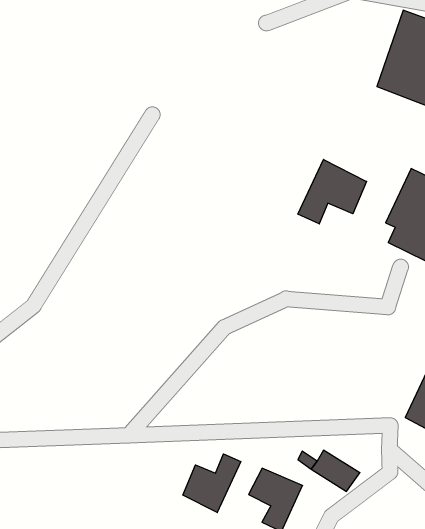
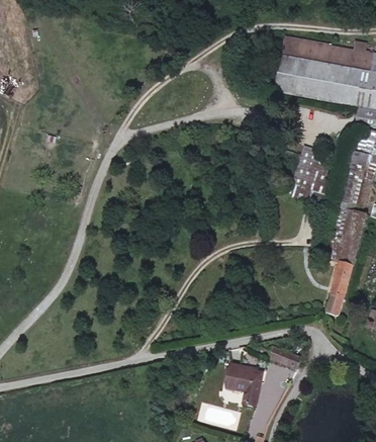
building: [298,159,367,224] -> none
building: [183,454,241,513] -> none

